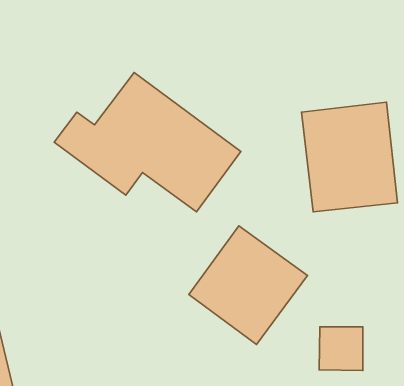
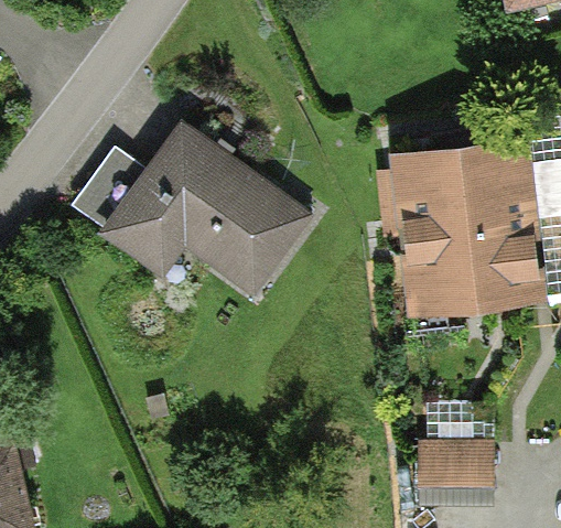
building: [189,226,308,344] -> none

